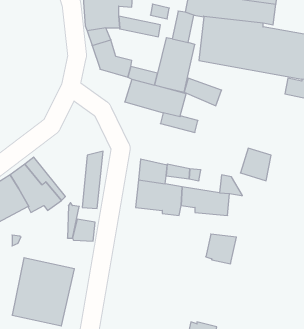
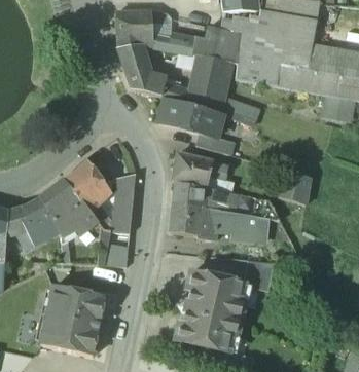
building: none -> [173,152,232,185]
building: none -> [64,158,108,207]
building: none -> [175,271,245,349]

